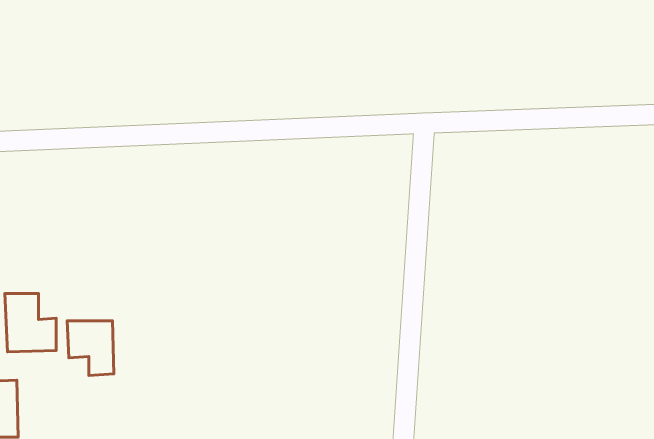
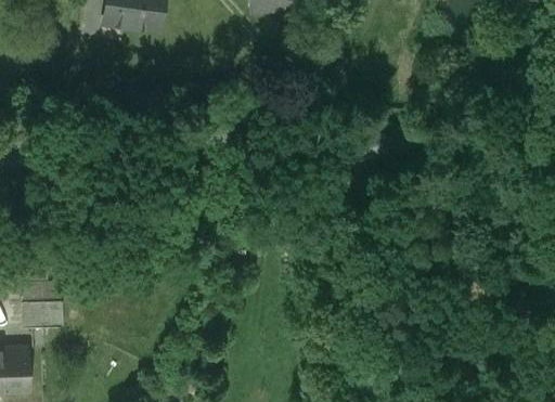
building: [67,321,114,376] -> none

